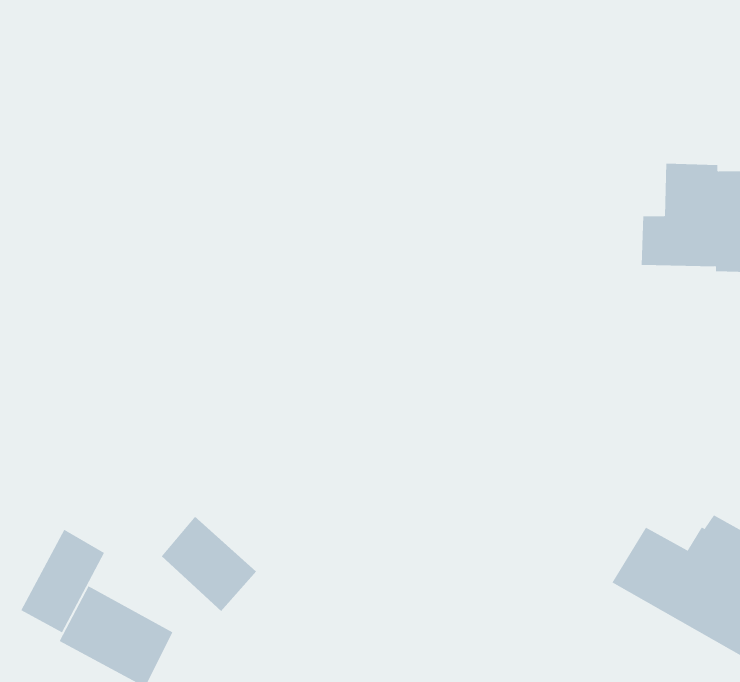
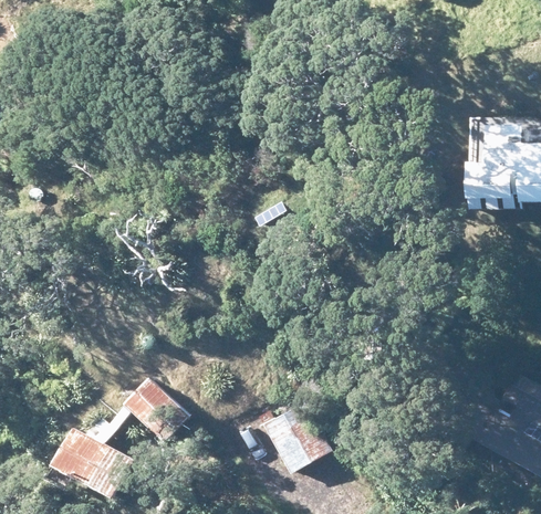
building: [20,529,105,633] -> none
building: none -> [259,405,326,473]

